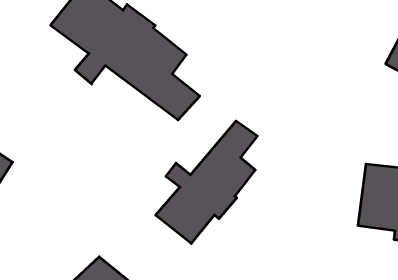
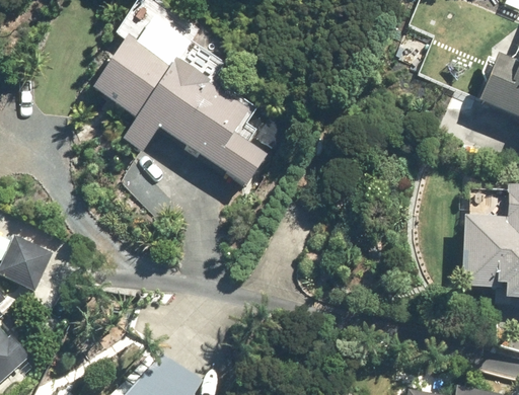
building: [156,121,257,244] -> none

